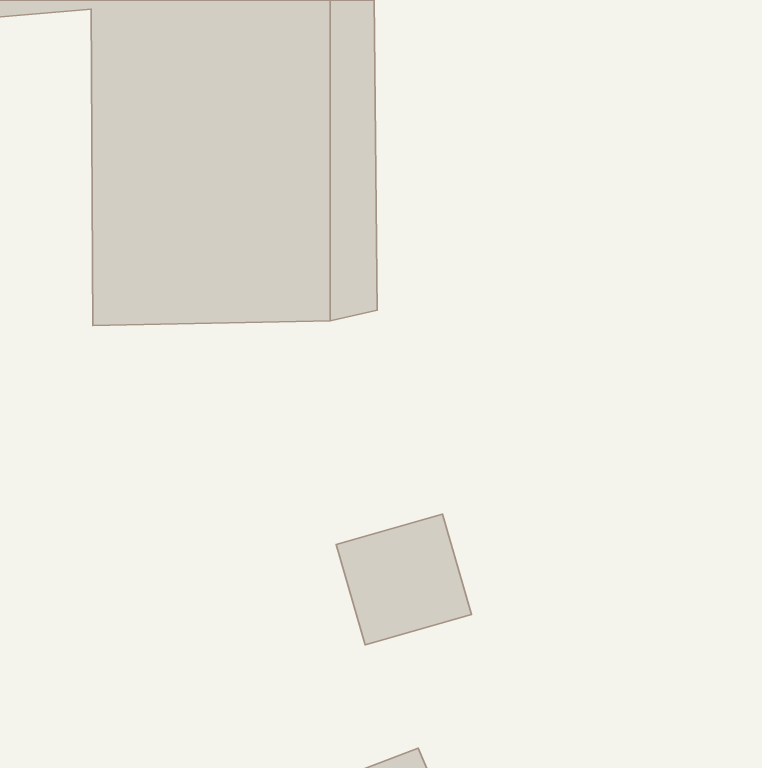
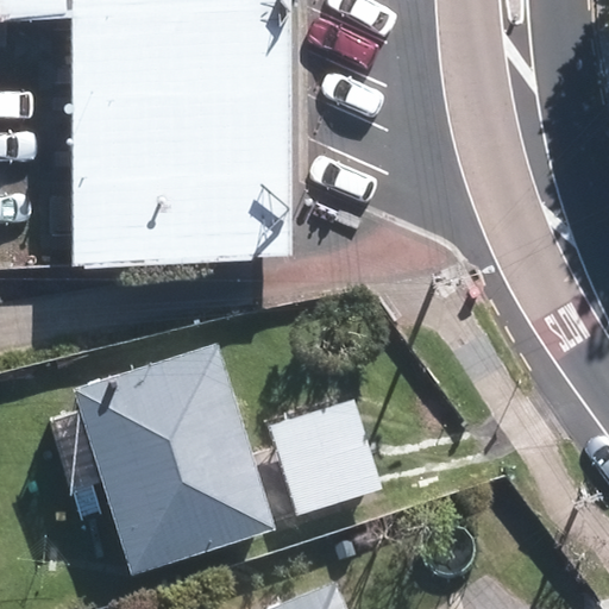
building: none -> [76,354,266,565]

